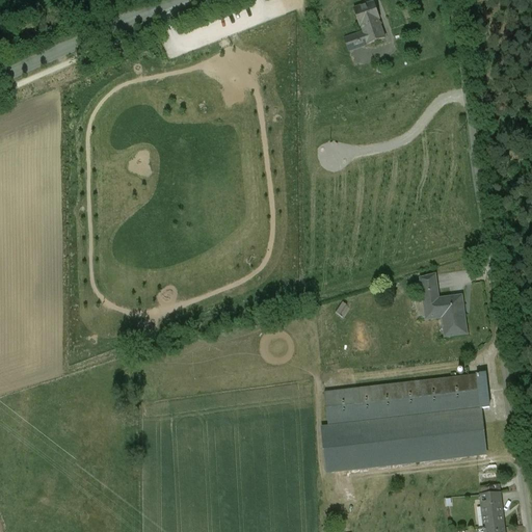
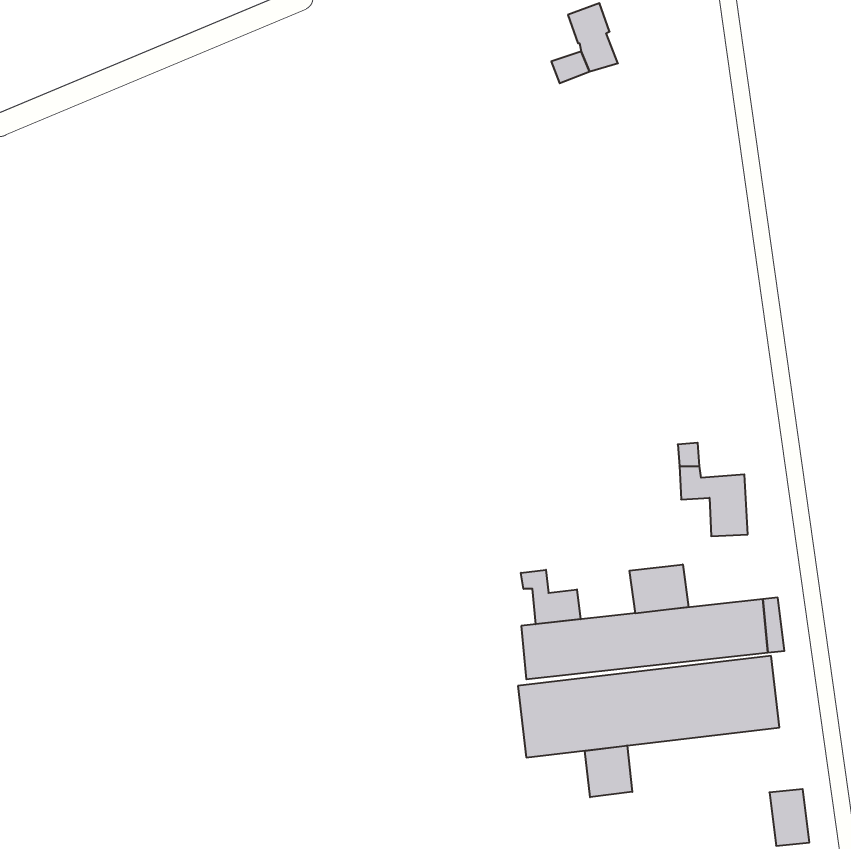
building: none -> [630,564,689,613]
building: none -> [521,570,581,624]
building: none -> [585,745,632,797]

